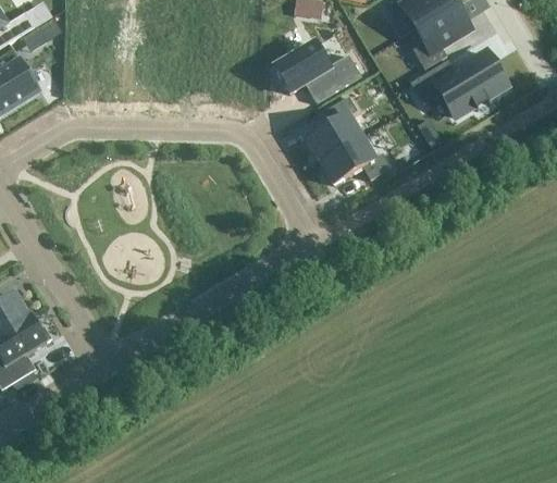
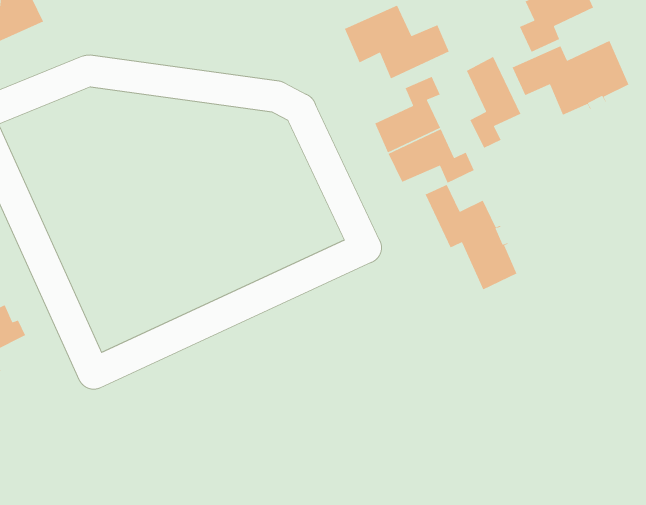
building: none -> [466,56,521,149]
building: none -> [425,184,517,291]

